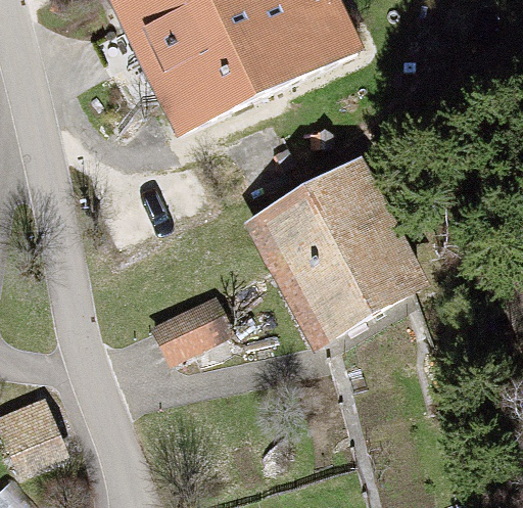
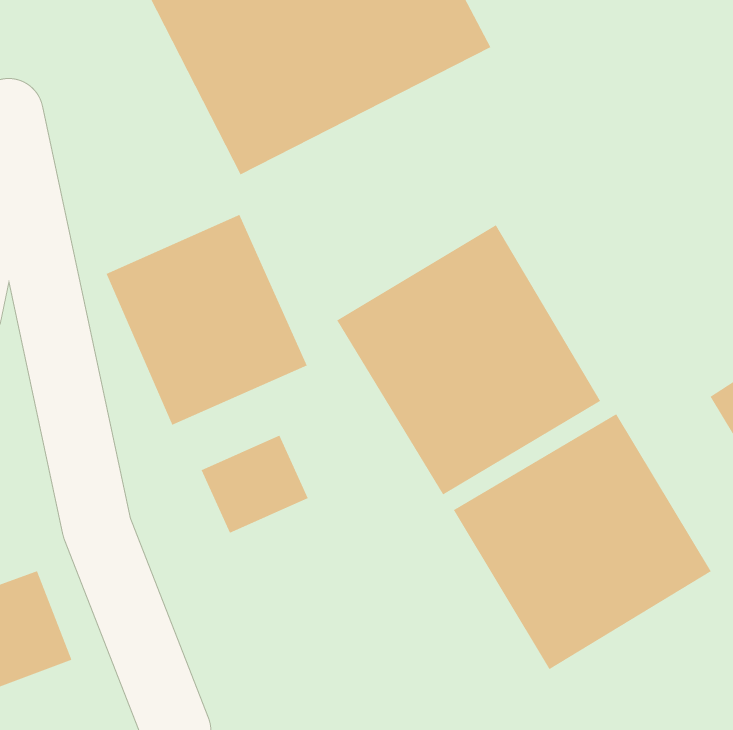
building: none -> [105,214,308,426]
building: none -> [453,413,712,670]

